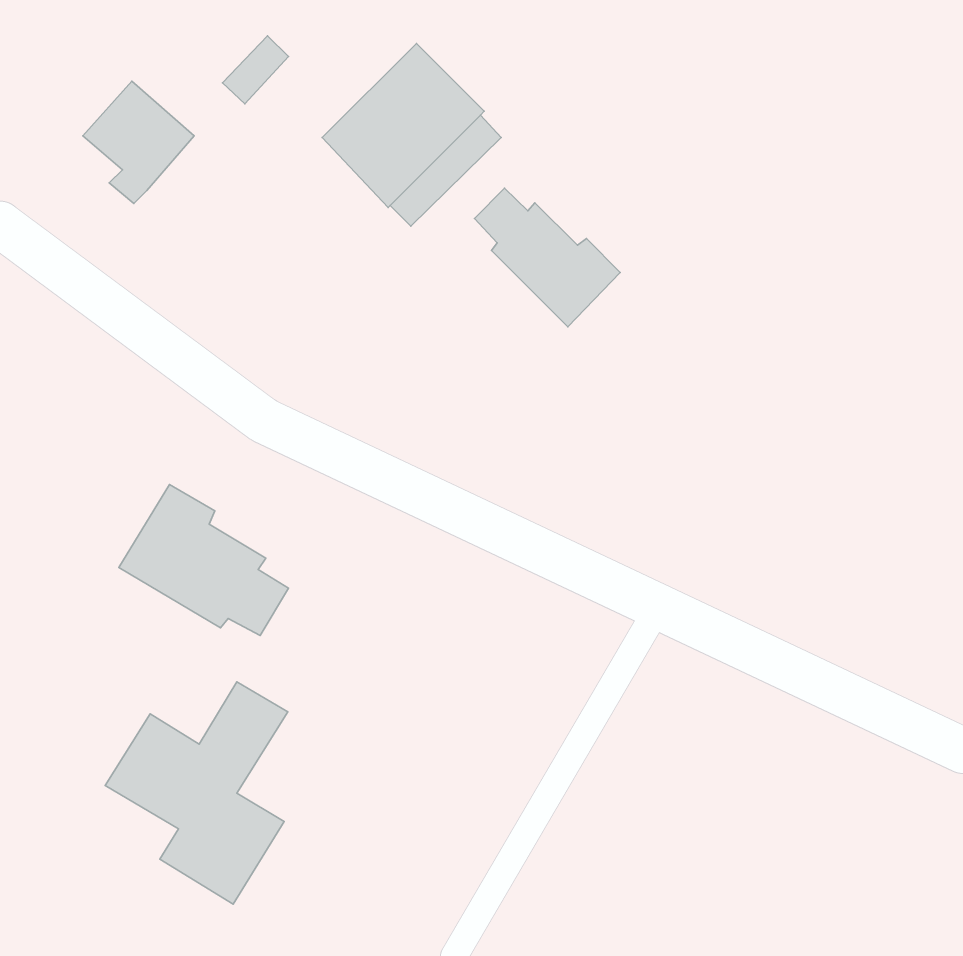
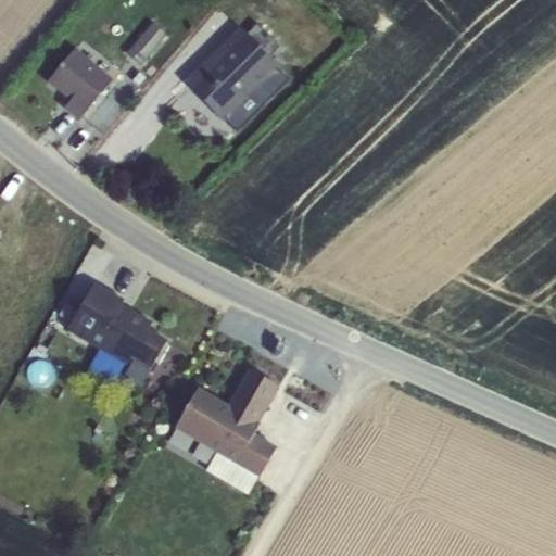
building: [475,188,620,327] -> none
building: [105,682,288,904] -> [175,366,280,494]

